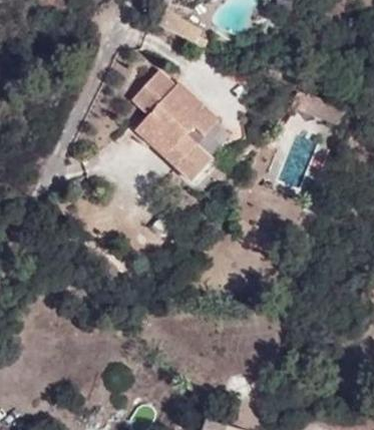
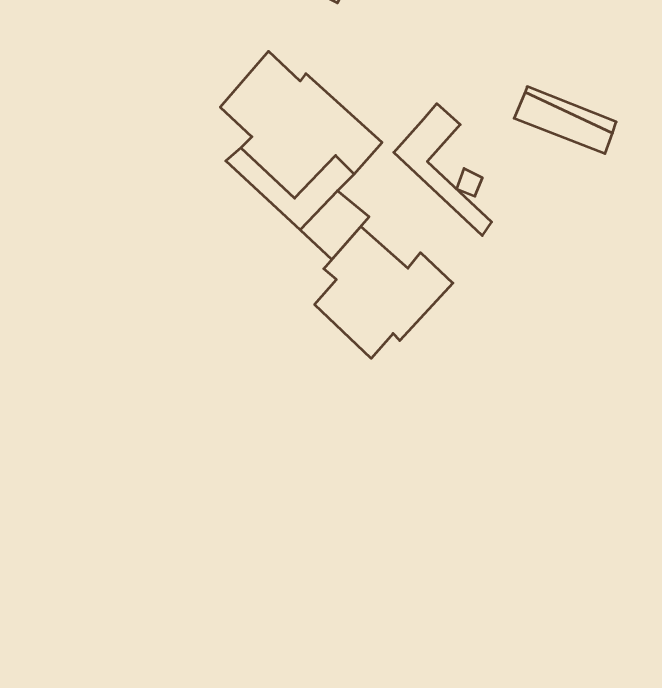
building: none -> [394,104,492,236]
building: none -> [315,227,453,358]

